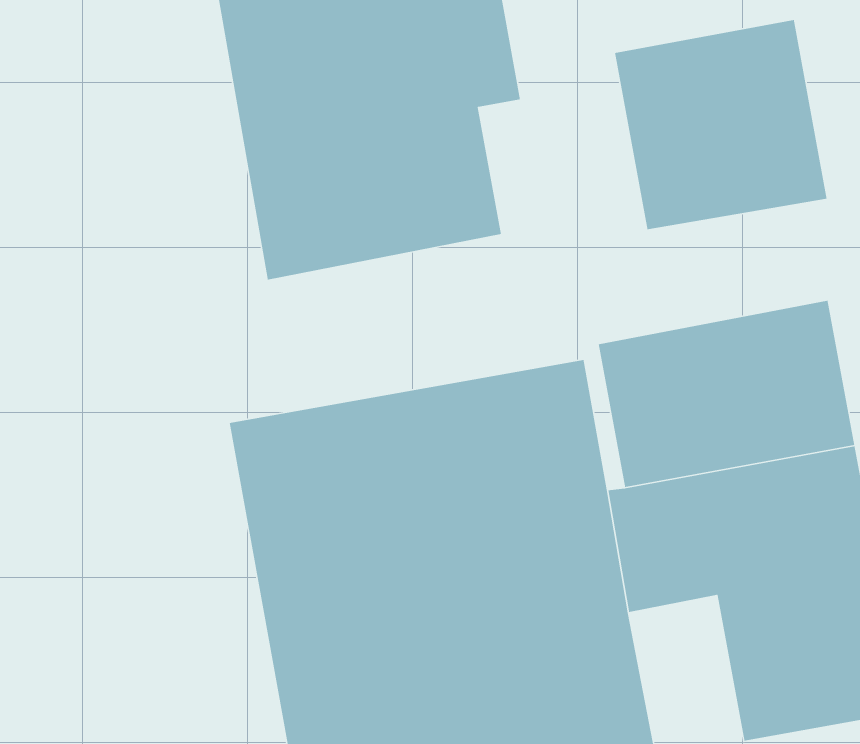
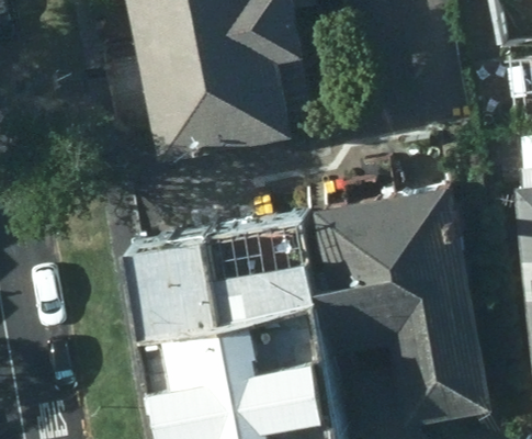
building: [614,19,828,230] -> none

